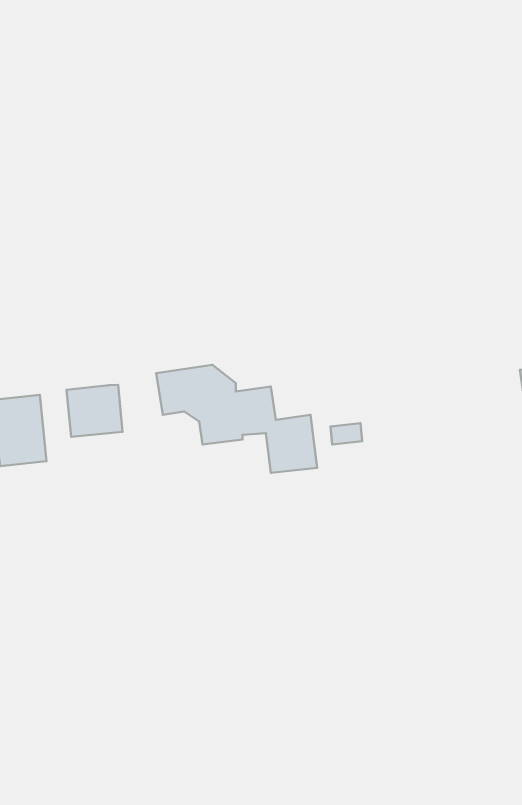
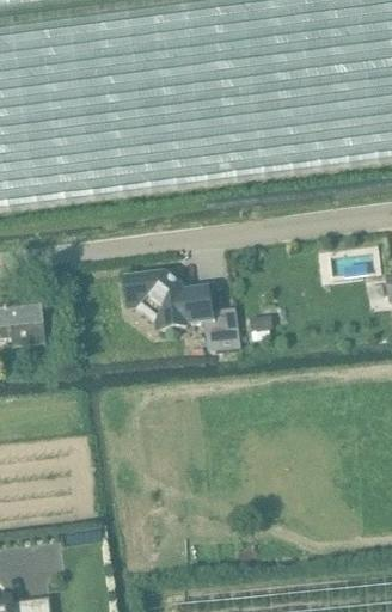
building: [67,385,123,437] -> none

